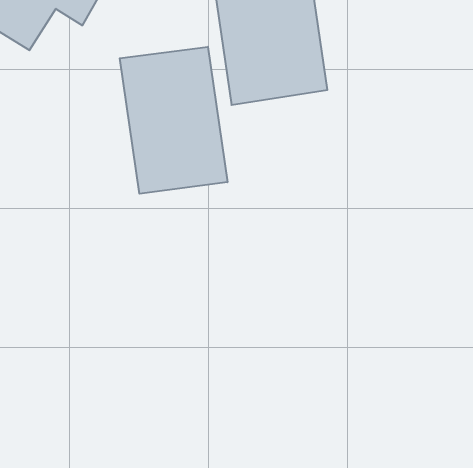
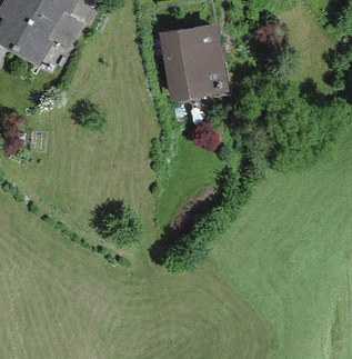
building: [120,47,227,194] -> none

